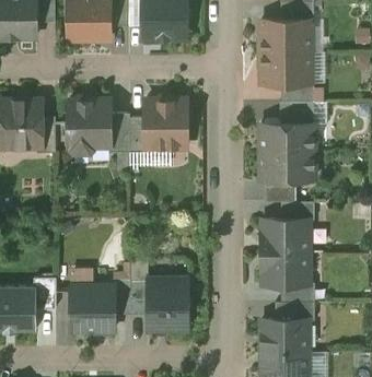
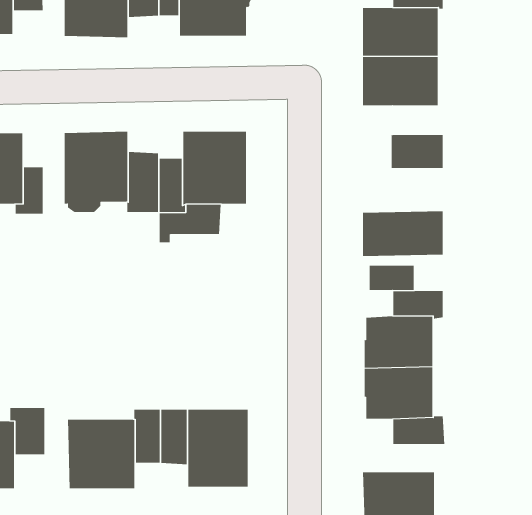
building: [280,82,313,102] -> none
building: [260,123,313,152] -> none
building: [275,302,314,320] -> none

